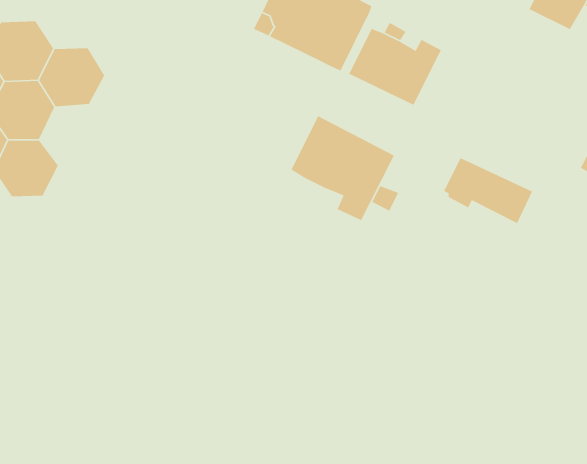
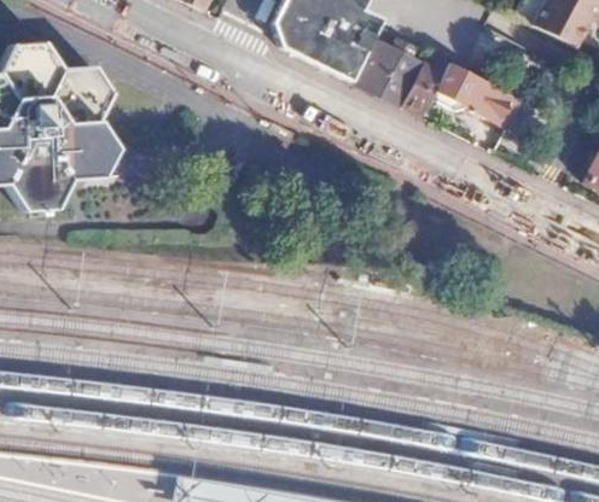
building: none -> [52,117,121,177]
building: [290,115,395,221] -> none
building: [443,157,533,224] -> [434,63,523,129]

